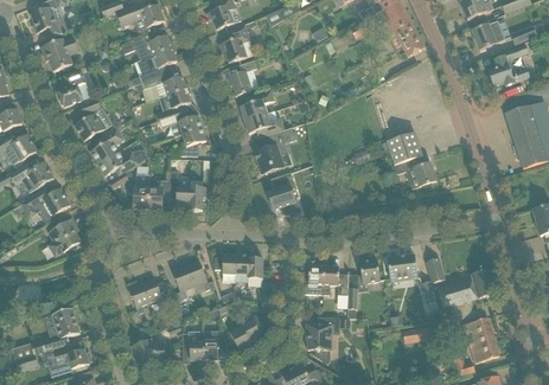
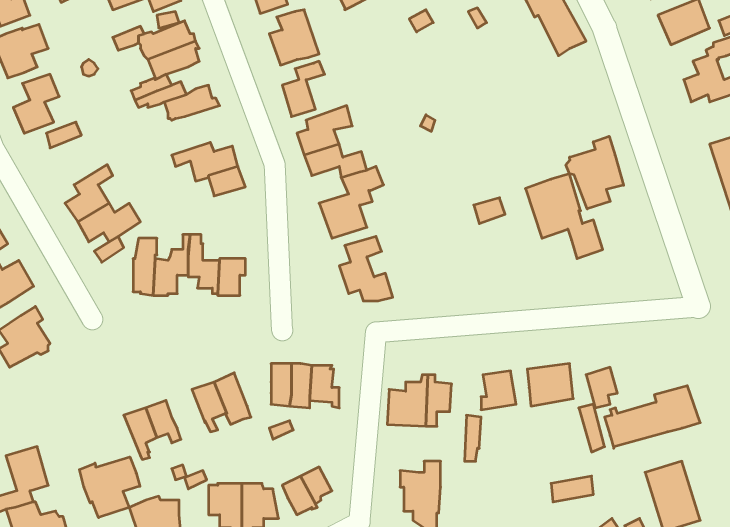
building: [155,88,190,120] -> none
building: none -> [566,136,624,209]
building: [74,113,110,140] -> none
building: none -> [79,457,140,518]

